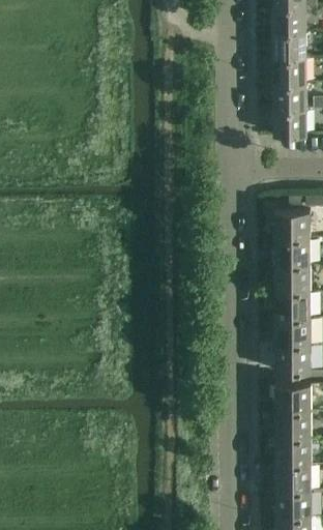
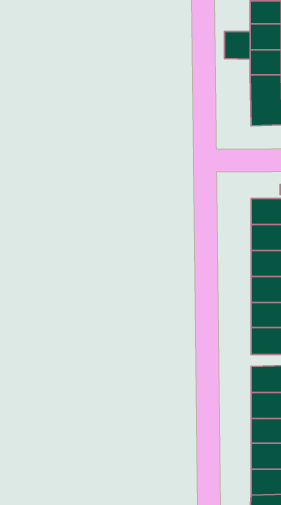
building: none -> [225,32,250,59]

